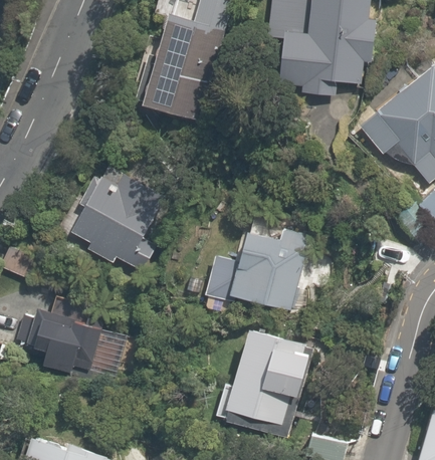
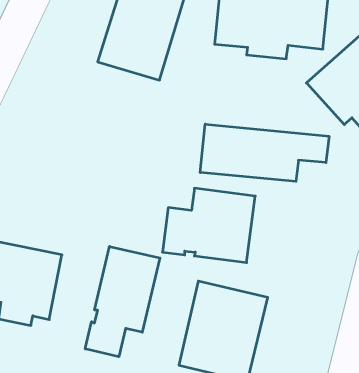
building: none -> [200,124,329,181]
building: [72,167,167,266] -> none
building: none -> [85,246,160,357]

